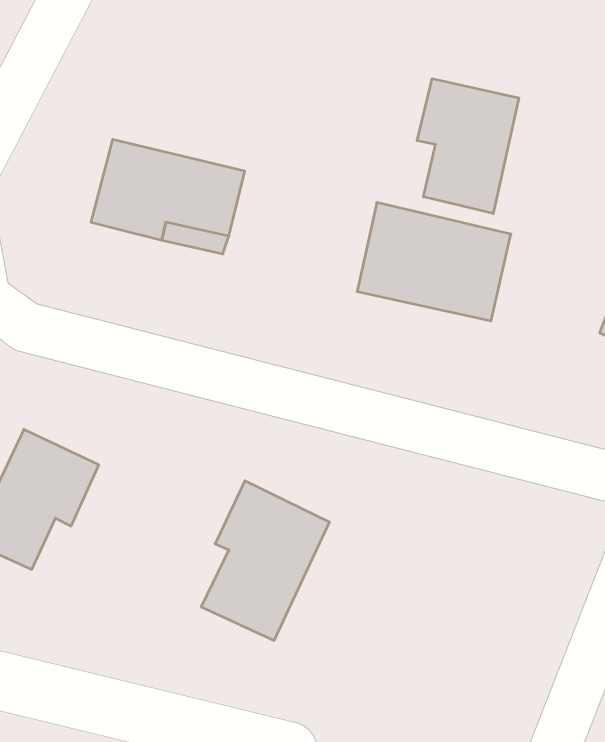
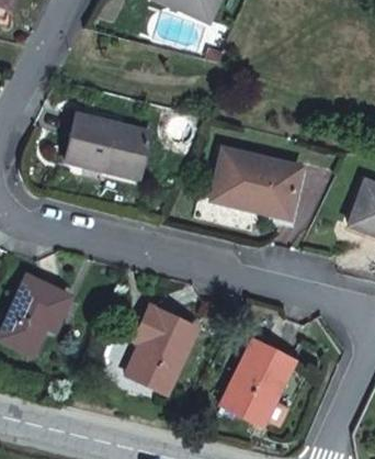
building: [417,79,519,214] -> none
building: none -> [219,342,292,427]

